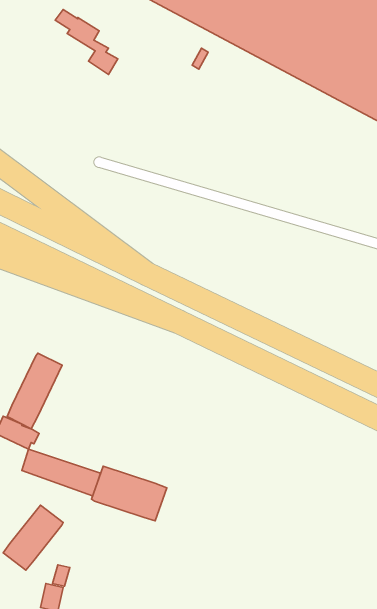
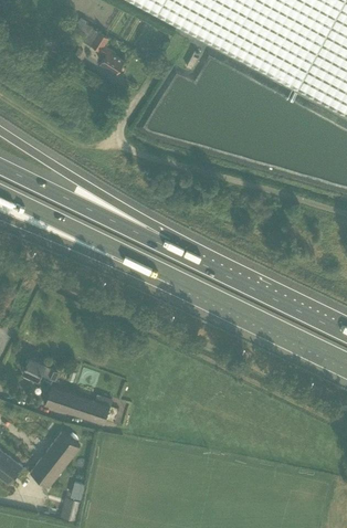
building: [7,353,62,429] -> none
building: [92,466,167,521] -> none

